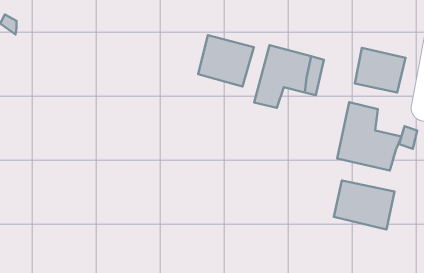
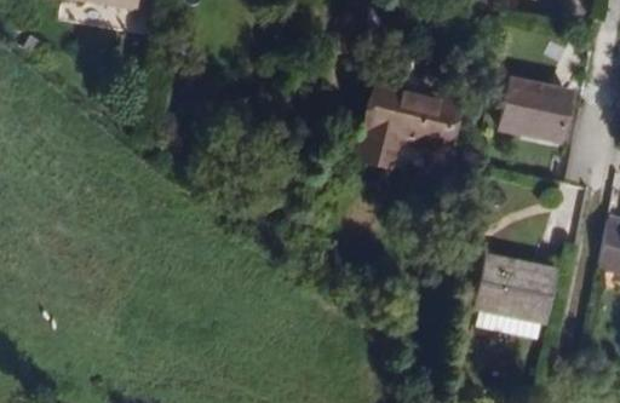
building: [198,35,254,86] -> none
building: [337,102,401,171] -> none

